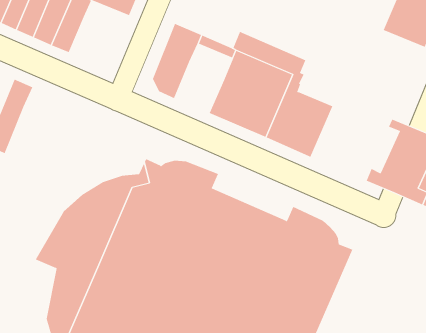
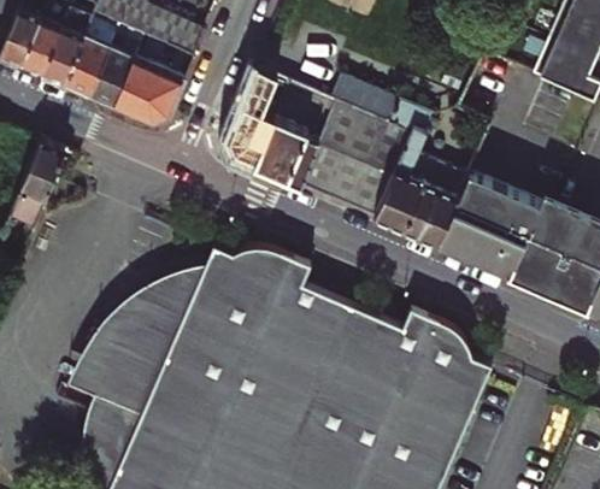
building: none -> [112,58,183,123]
building: none -> [253,118,318,187]
building: none -> [435,175,553,277]

